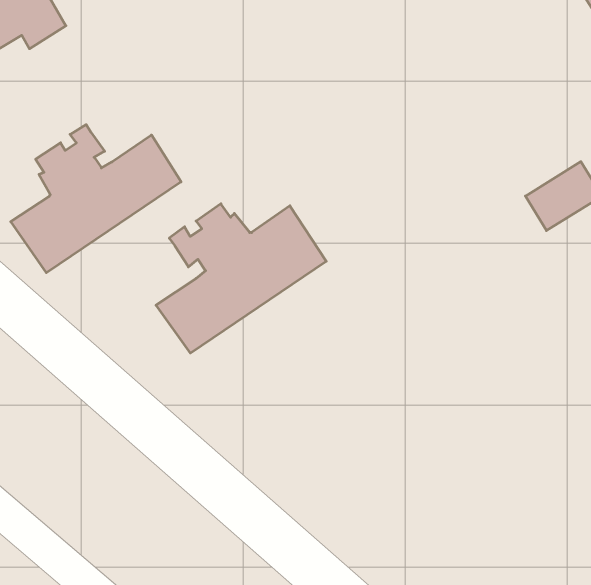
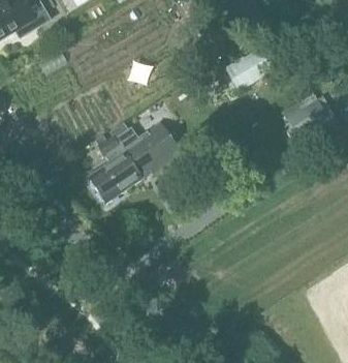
building: none -> [230,48,277,83]
building: [11,125,181,273] -> none

